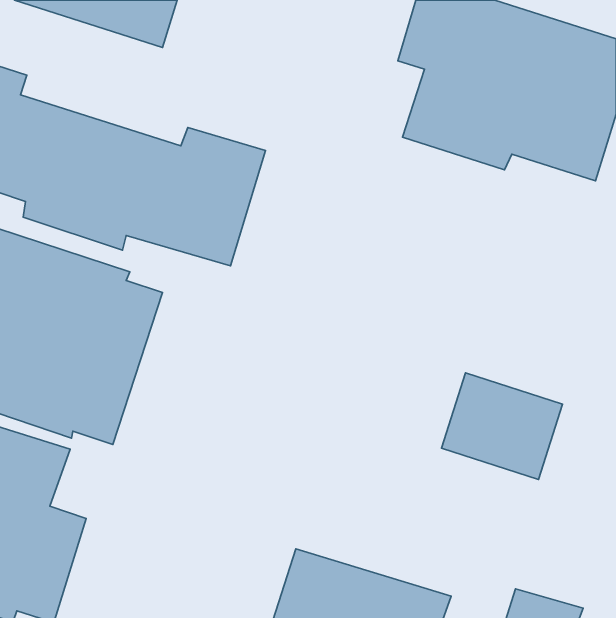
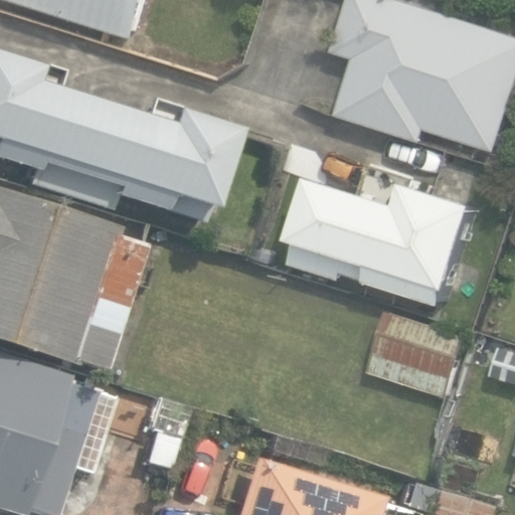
building: none -> [285,173,474,305]

